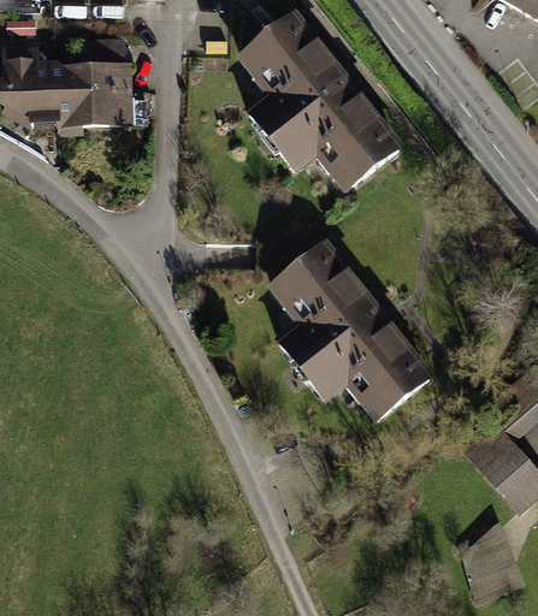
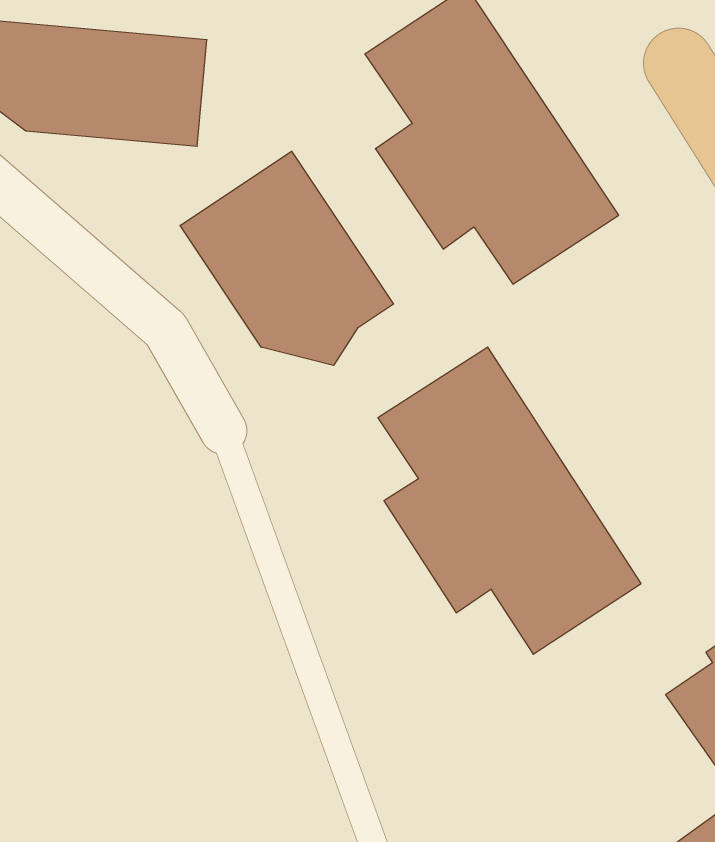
building: none -> [180,151,393,365]

